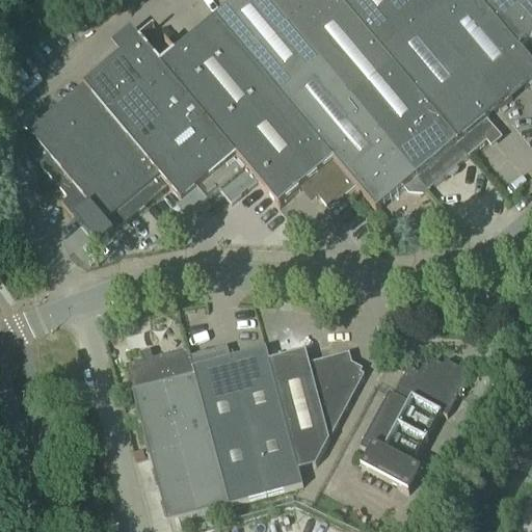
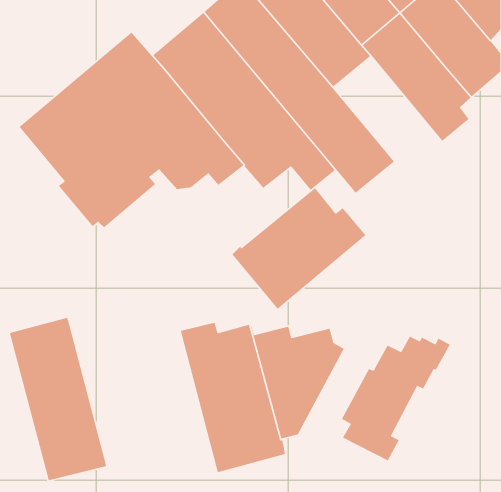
building: [352,59,468,184] -> none
building: none -> [232,187,367,310]
building: [126,342,230,515] -> [9,317,107,481]

